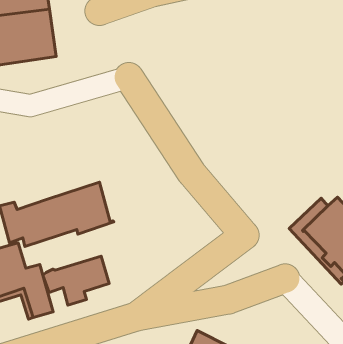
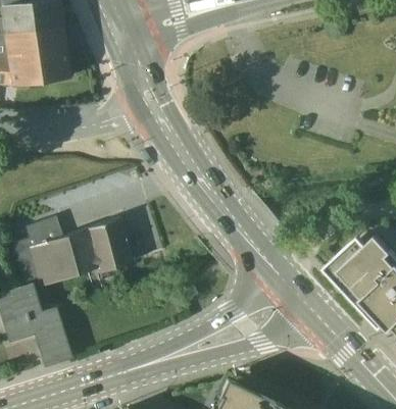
building: none -> [27,216,64,248]
building: [43,256,109,305] -> none

